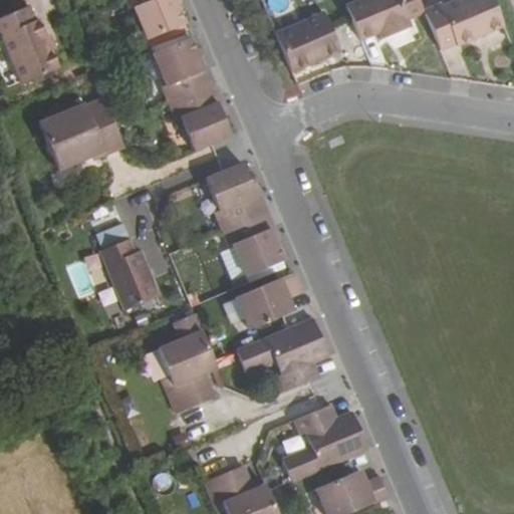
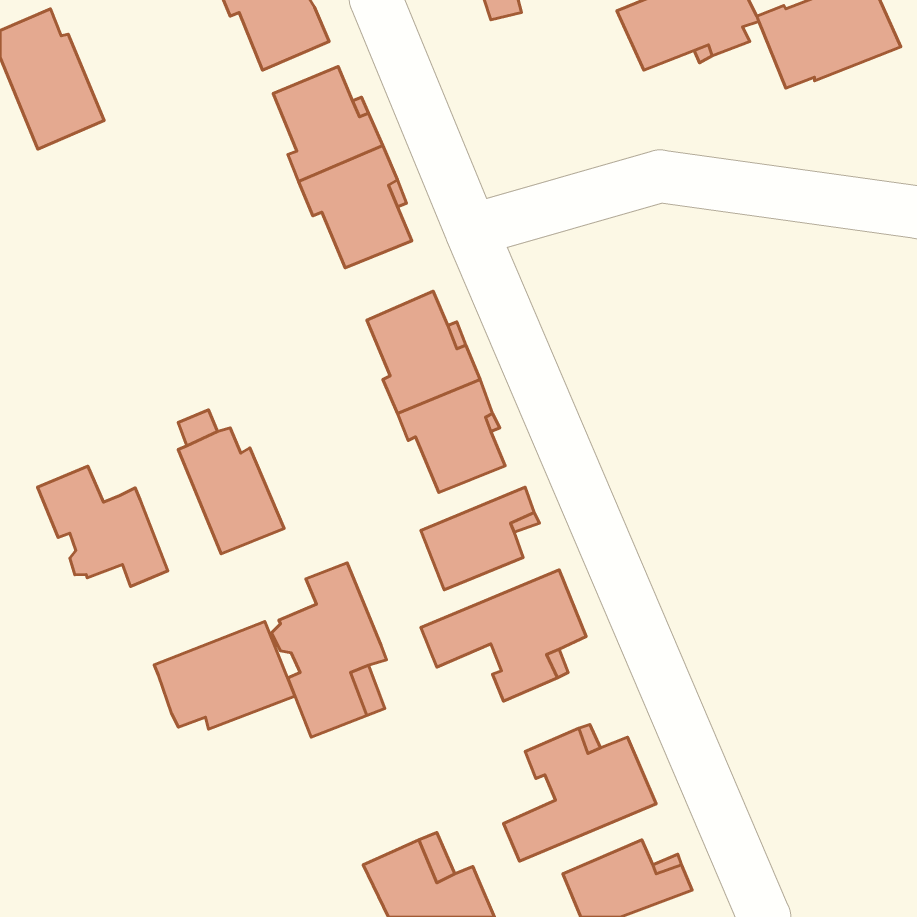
building: [275,12,340,70] -> none
building: [38,98,124,170] -> none
building: none -> [37,466,168,586]
building: none -> [154,622,295,729]

